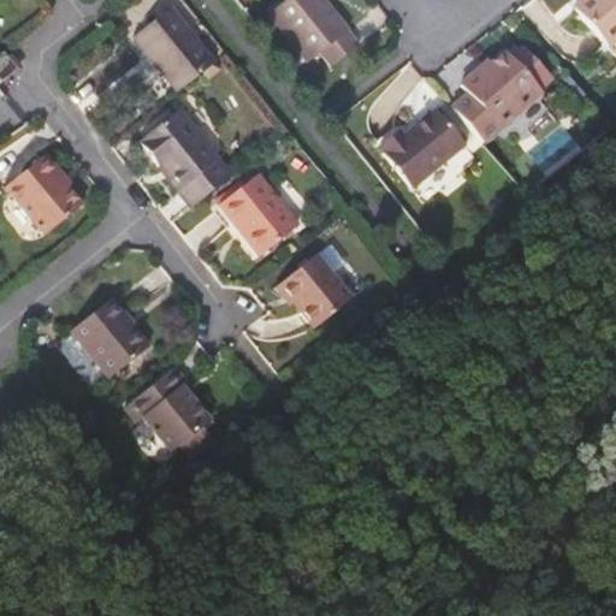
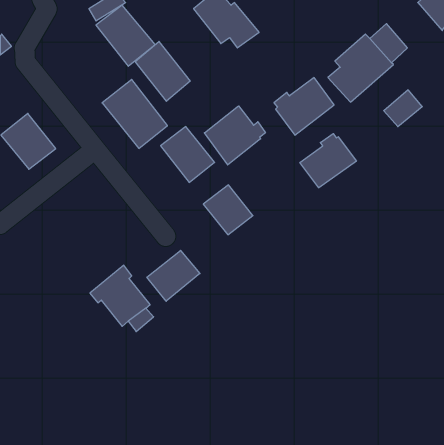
building: none -> [135,41,190,101]
building: none -> [204,106,265,165]
building: none -> [300,134,356,188]
building: [72,300,146,375] -> none
building: none -> [147,250,200,301]

